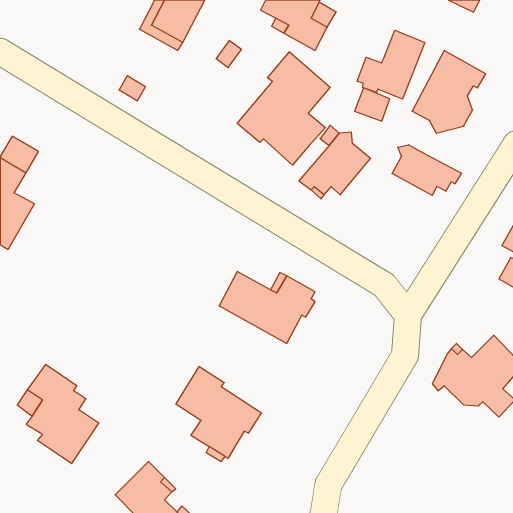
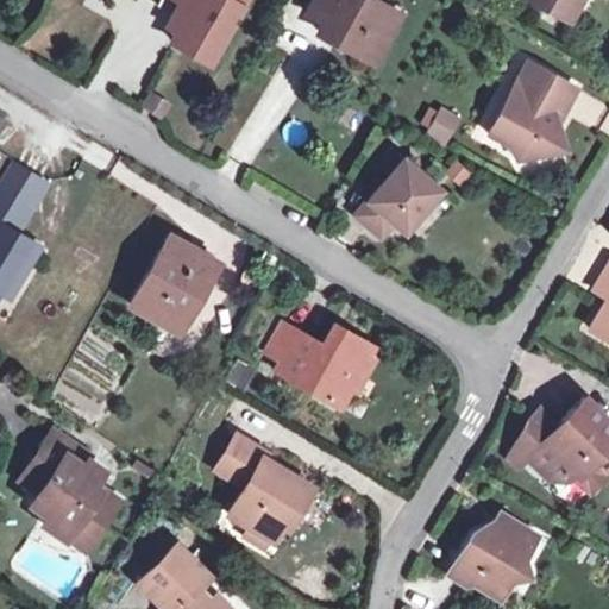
building: [357,30,425,99] -> none
building: [237,52,330,165] -> none
building: [392,145,462,195] -> none
building: none -> [133,234,216,331]
building: none -> [448,514,539,599]

